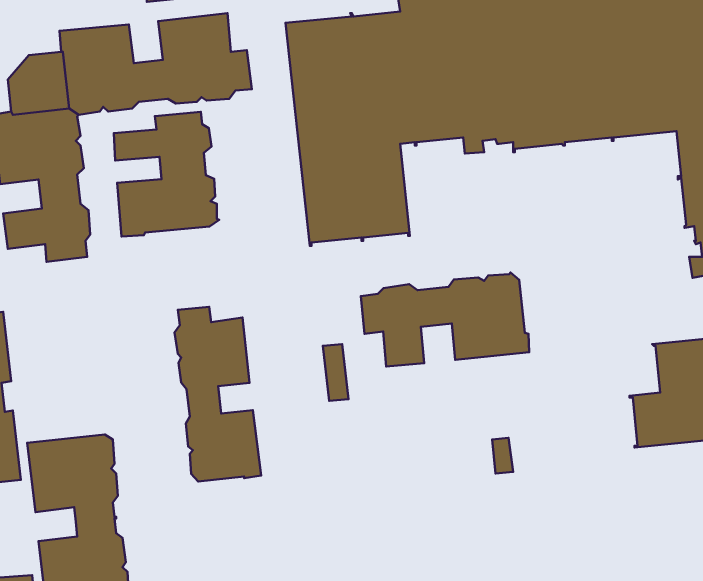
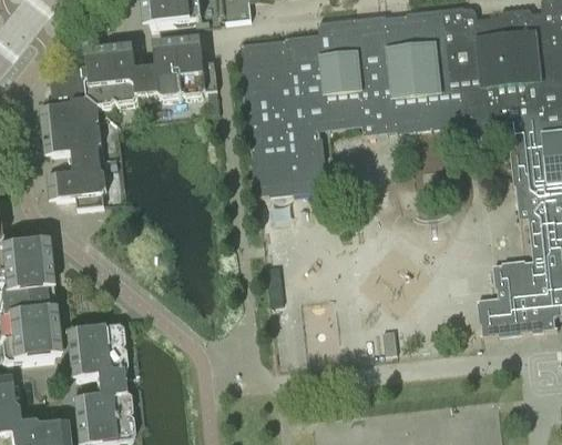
building: [114,112,219,236] -> none
building: [361,272,529,367] -> none
building: [175,307,261,482] -> none

